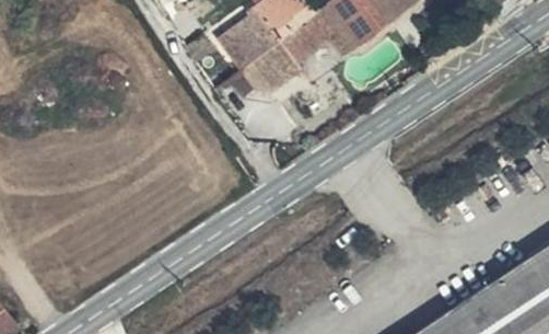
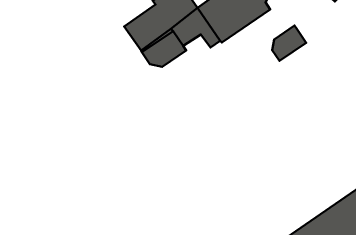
building: none -> [272,26,306,61]

